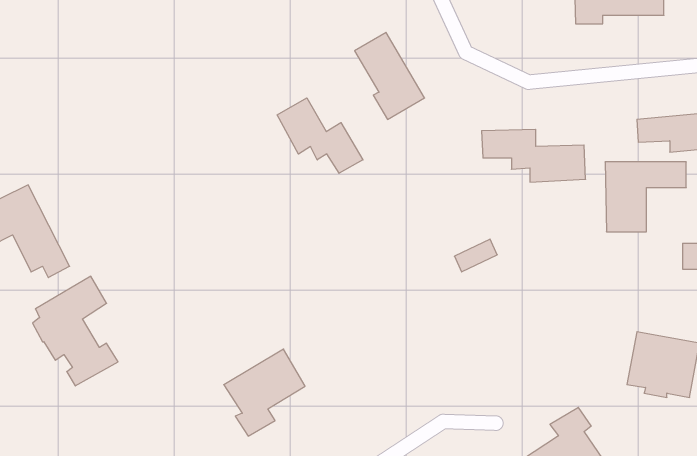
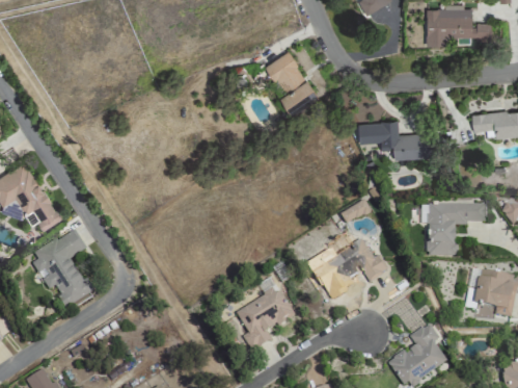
building: [277,98,363,173] -> none
building: [605,162,686,232] -> [427,205,486,256]
building: none -> [315,240,388,295]
building: [224,349,305,436] -> [235,288,294,352]

